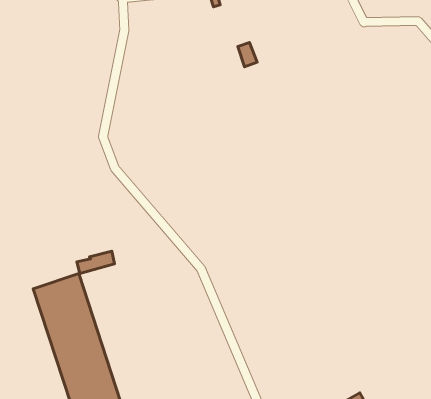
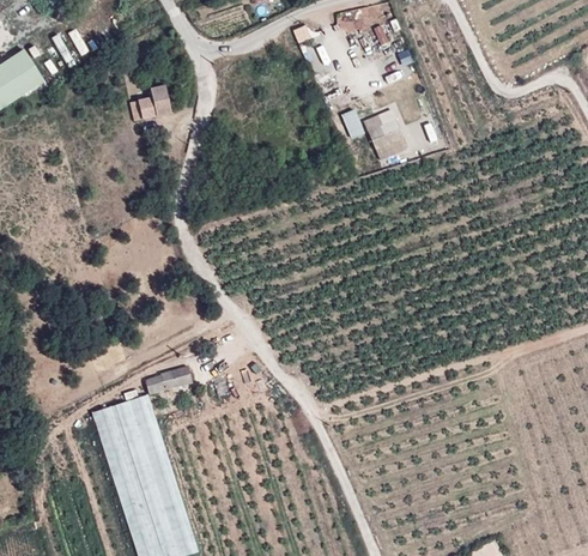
building: none -> [131,86,171,121]
building: none -> [366,120,405,151]

